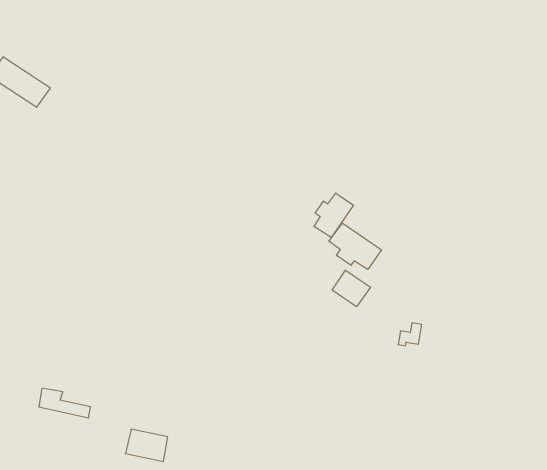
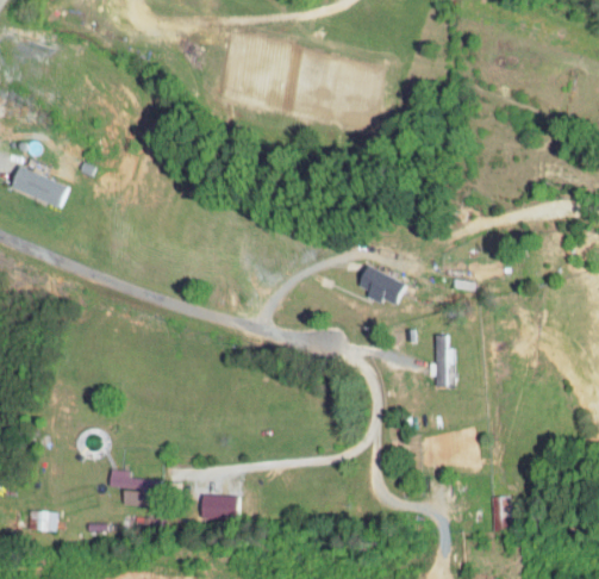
building: [314,193,354,238] -> none
building: [332,270,371,307] -> none

